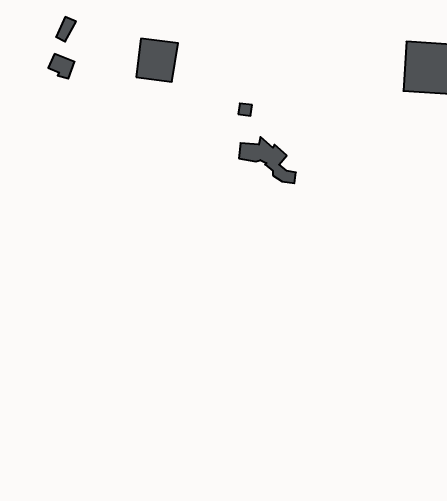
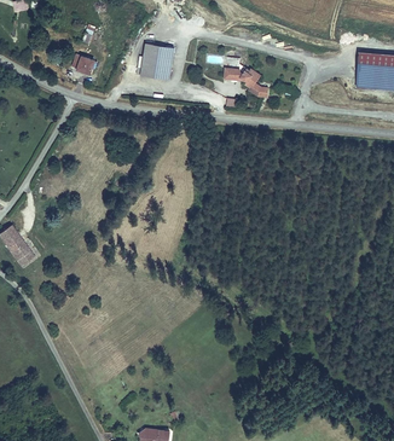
building: [239,137,296,183] -> [226,63,271,99]

